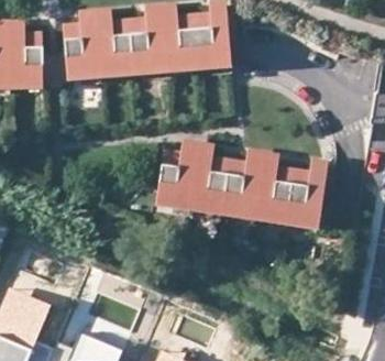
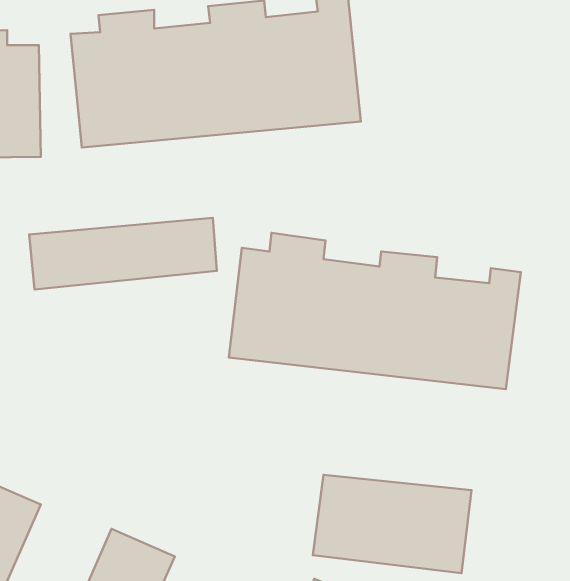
building: none -> [29,218,217,289]
building: none -> [313,475,471,573]

